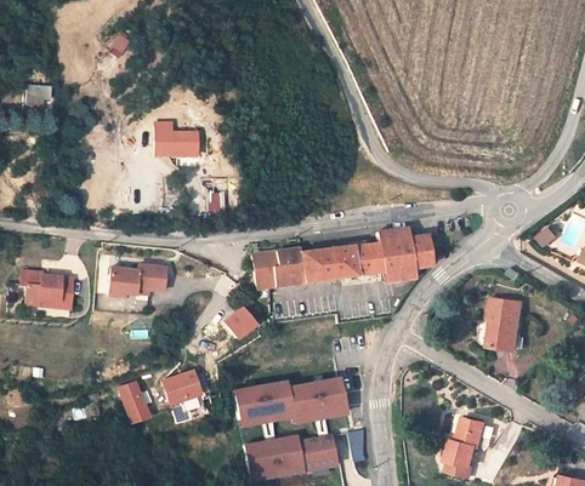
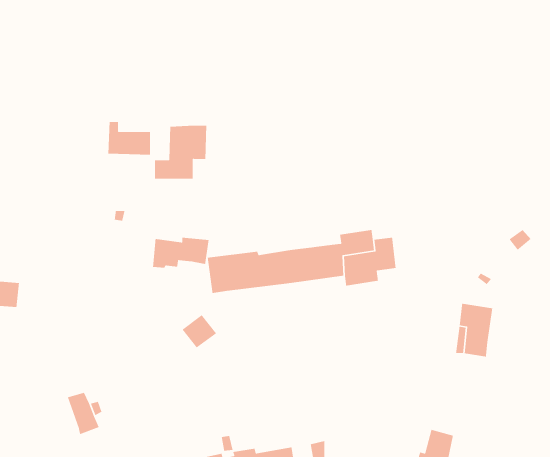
building: none -> [154,125,207,180]
building: [112,267,166,297] -> [152,237,209,269]
building: [160,370,199,404] -> none
building: [233,377,346,425] -> none

